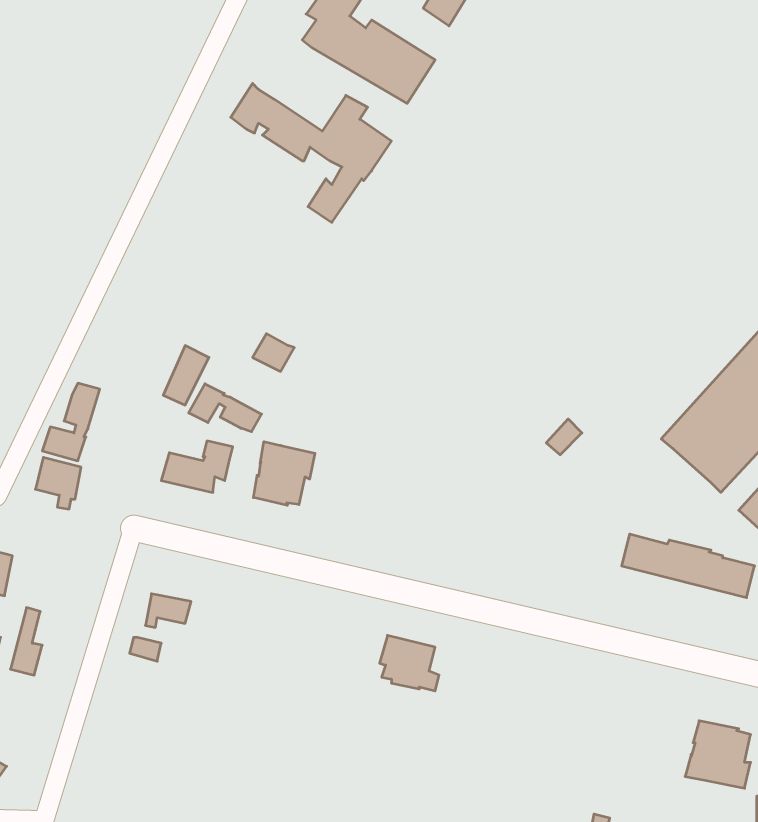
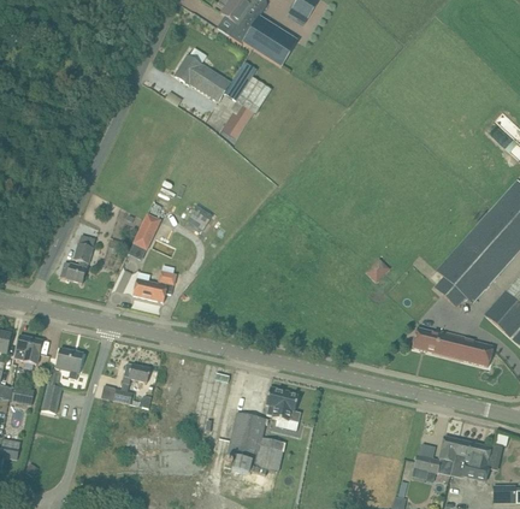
building: [189,384,262,432] -> none
building: [253,442,315,505] -> none
building: [35,457,81,509] -> [55,348,83,379]
building: none -> [226,412,285,475]
building: none -> [414,437,459,474]

